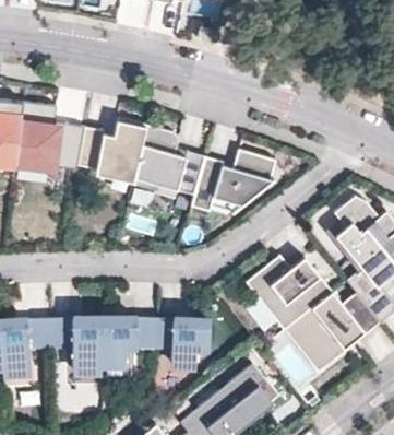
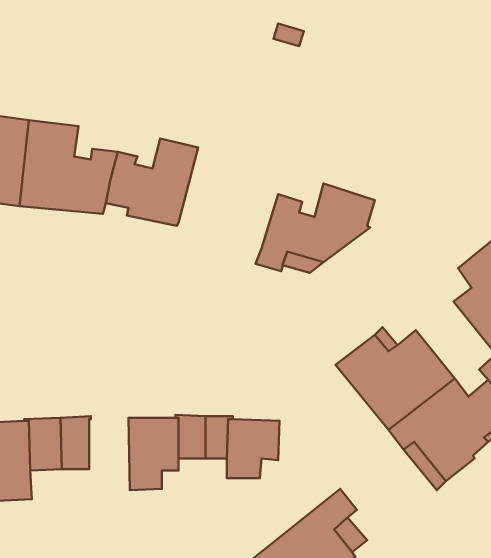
building: [133,122,205,199] -> none
building: [69,318,98,378] -> none

